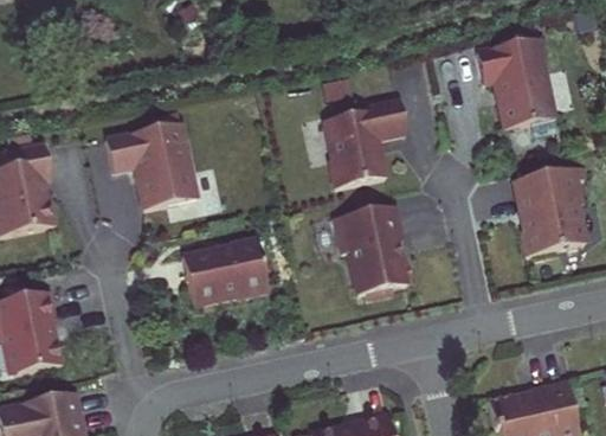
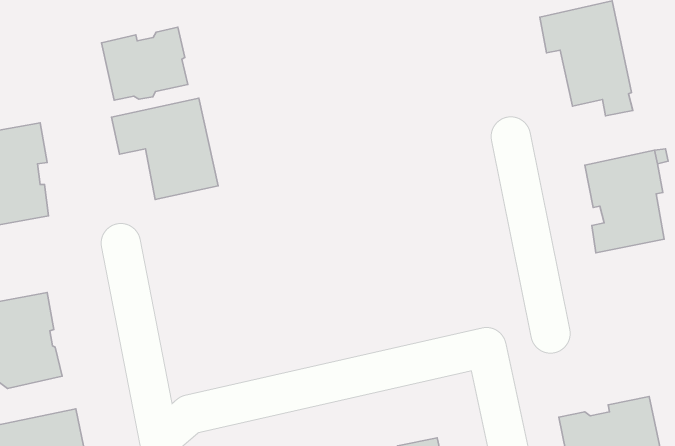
building: none -> [102,27,188,100]
building: [324,98,406,185] -> none
building: [333,204,411,297] -> none
building: [182,236,269,303] -> none

